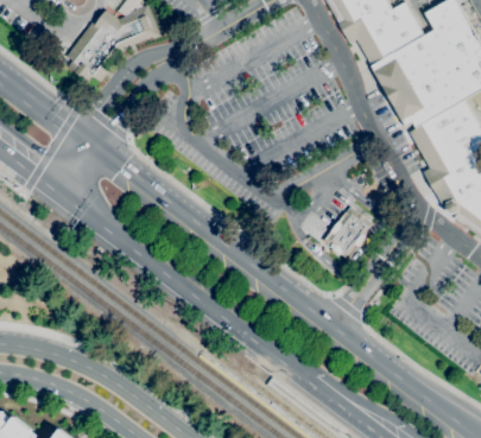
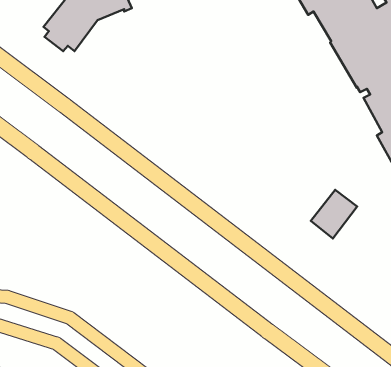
building: [325,209,375,261] -> [311,190,357,239]

